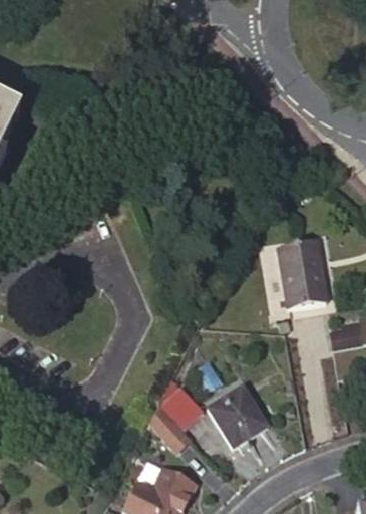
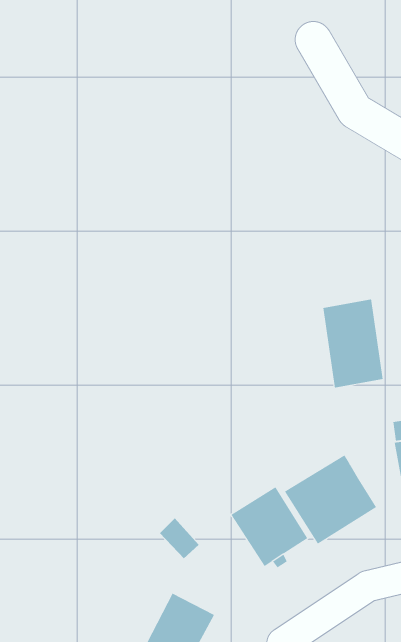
building: none -> [284,455,377,545]
building: [159,384,203,429] -> none

